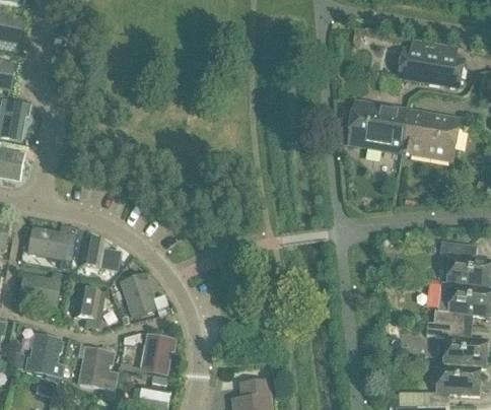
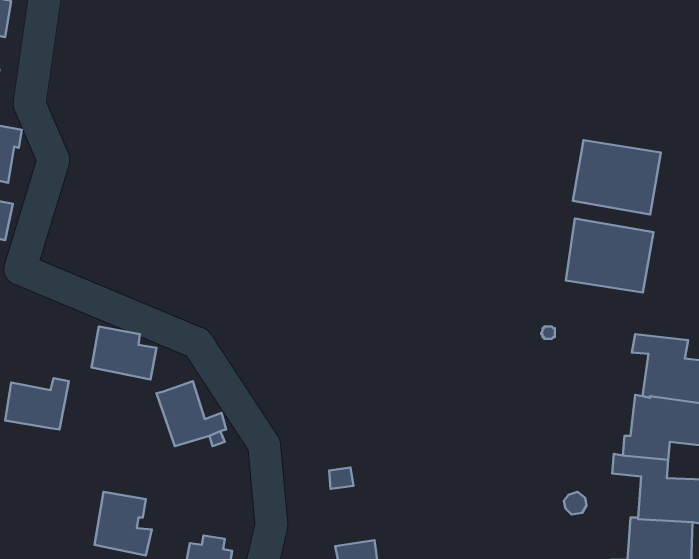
building: [398,41,463,87] -> none
building: [348,102,407,152] -> [566,218,654,293]
building: [27,224,71,259] -> none
building: [72,287,104,329] -> none
building: [25,334,63,377] -> none
building: [139,334,176,375] -> none

